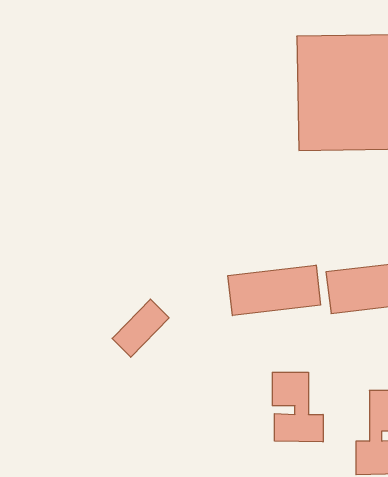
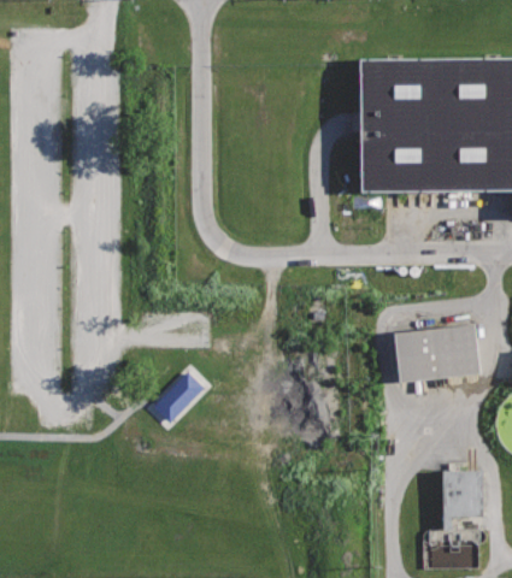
building: [228,265,320,316] -> none
building: [272,372,323,442] -> none

